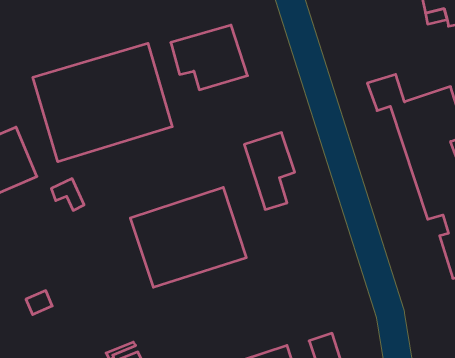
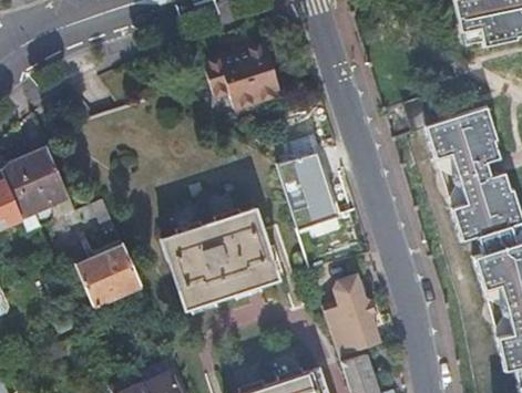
building: [33,43,172,162] -> none
building: none -> [76,245,141,304]
building: none -> [325,275,381,356]

